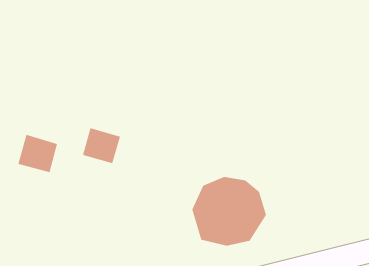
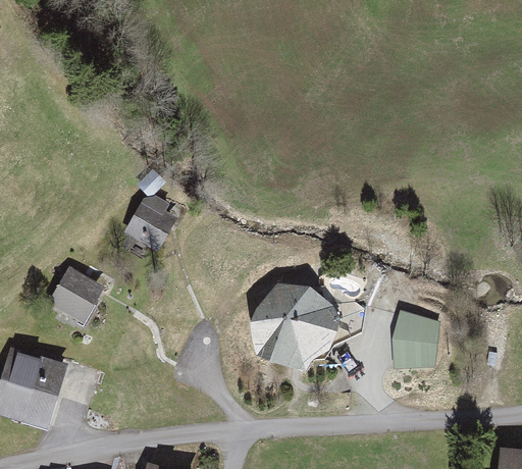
building: [18,134,58,173] -> [53,267,107,320]
building: none -> [387,313,432,365]

